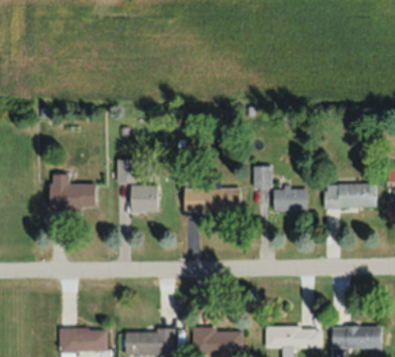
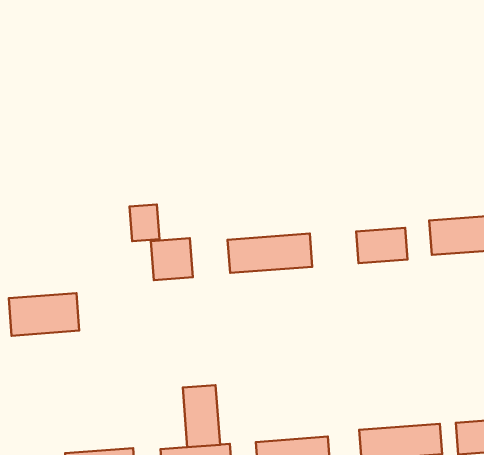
building: [253,165,272,188] -> none
building: [48,184,96,210] -> [9,293,79,336]
building: none -> [183,385,220,447]

